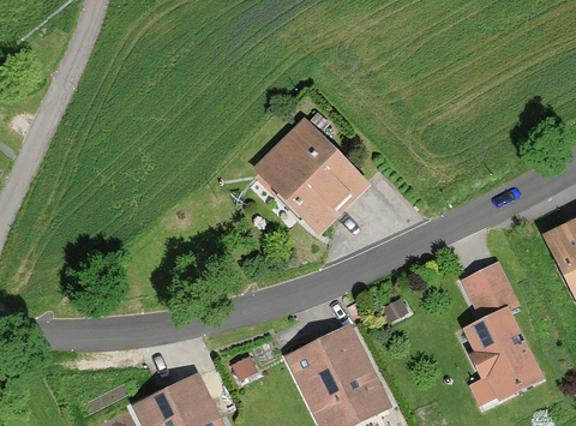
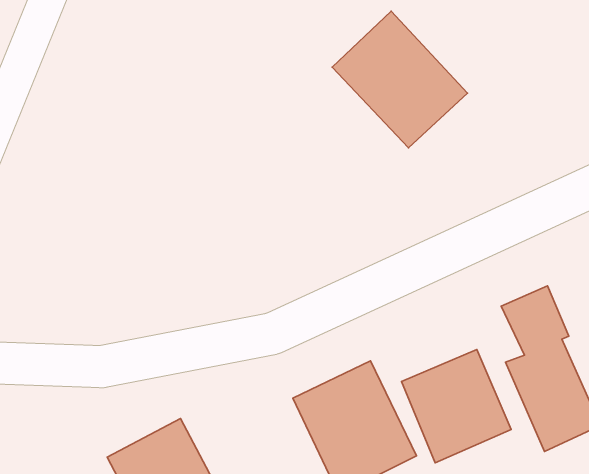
building: [254,119,367,233] -> [332,11,467,148]
building: none -> [401,349,511,463]

